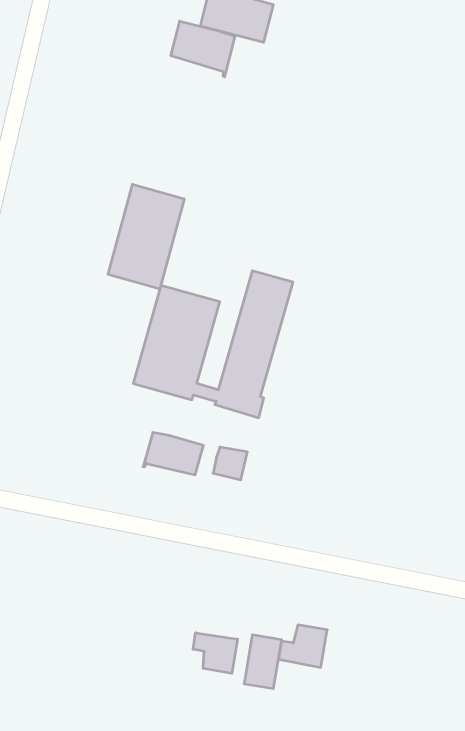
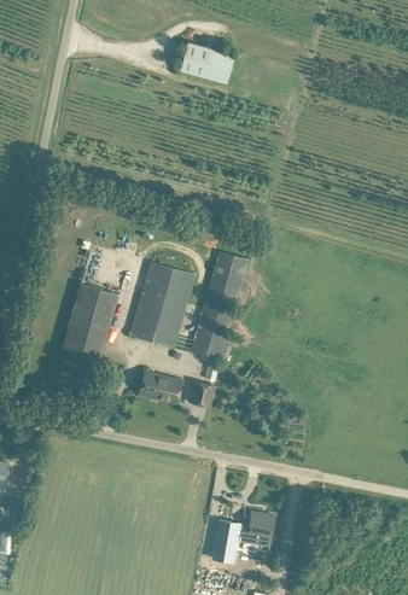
building: [171,21,235,77] -> none
building: [108,184,184,289] -> [62,282,118,360]
building: [193,633,238,673] -> none

